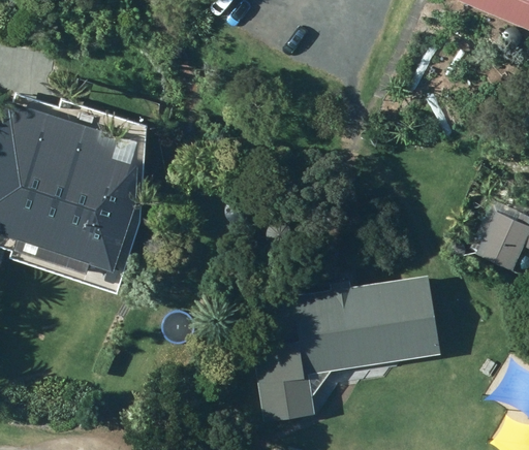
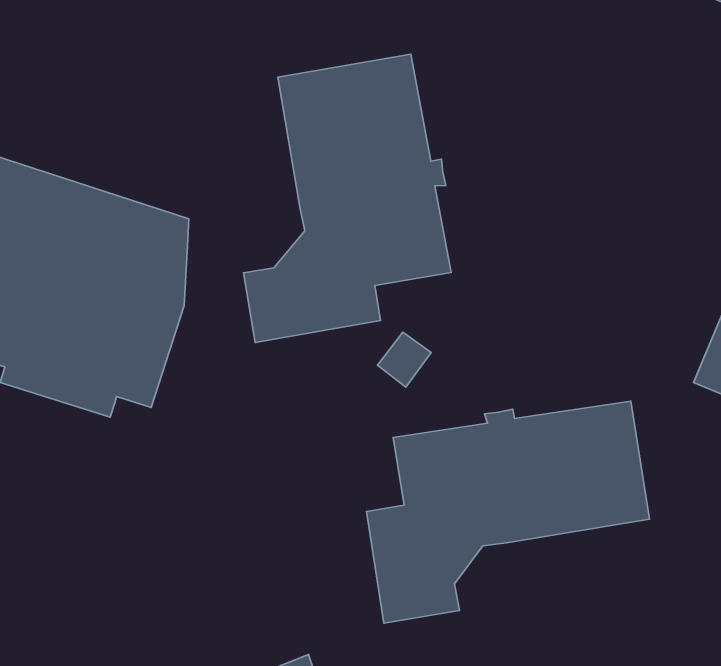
building: none -> [243,54,451,342]

